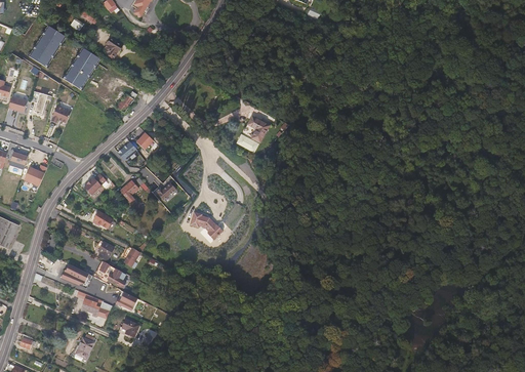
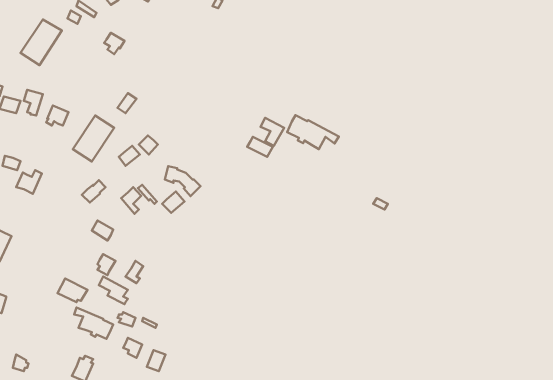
building: [63,47,100,89] -> [73,116,114,161]
building: none -> [287,115,339,149]
building: [190,211,223,239] -> [165,166,200,196]

